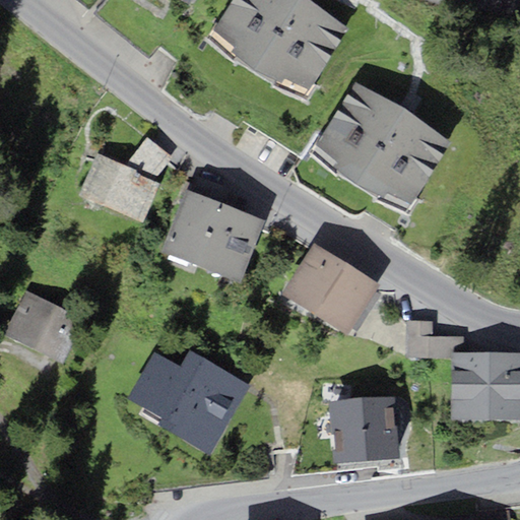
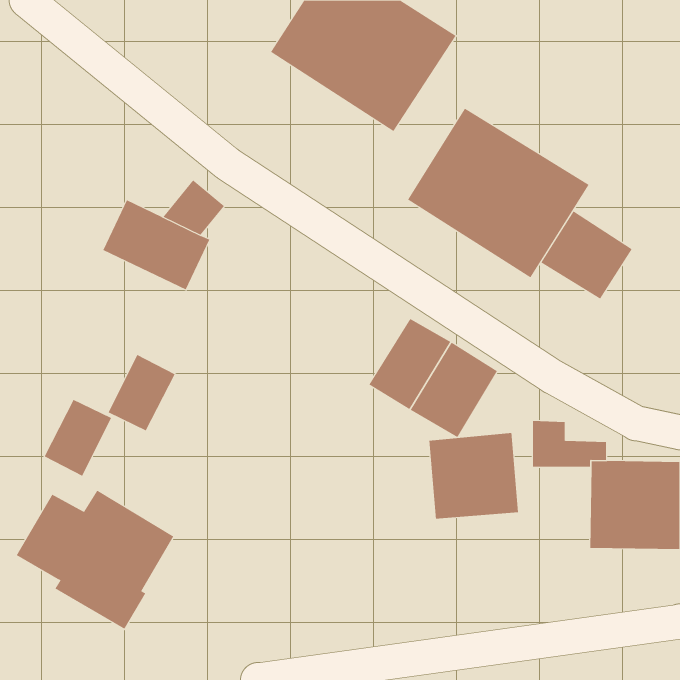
building: none -> [541,211,633,299]
building: [162,176,264,282] -> none
building: [4,289,56,348] -> [108,354,176,431]
building: [128,348,249,455] -> [16,490,174,630]
building: [330,398,399,464] -> [428,433,519,519]

